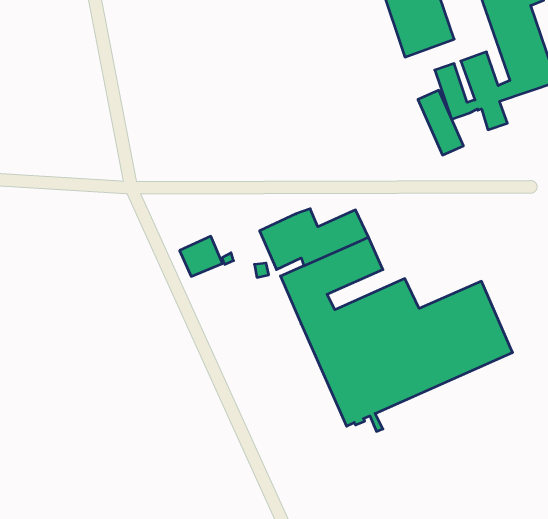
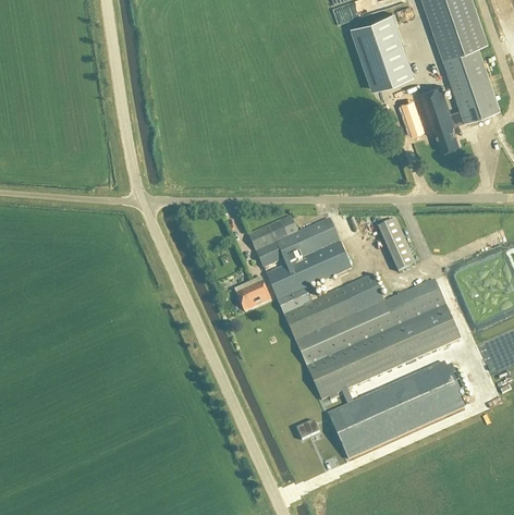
building: [418,90,463,155] -> [376,217,414,271]
building: [180,236,222,276] -> [234,278,270,311]
building: none -> [327,361,464,458]

